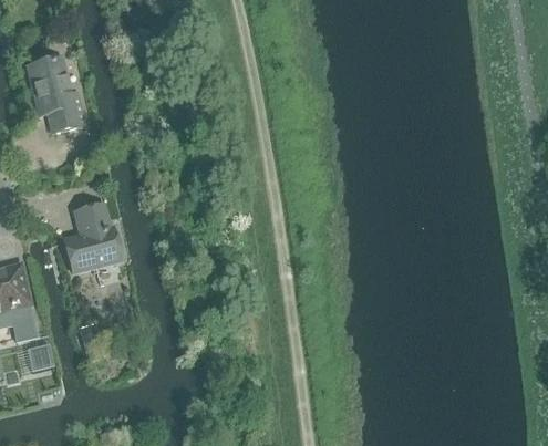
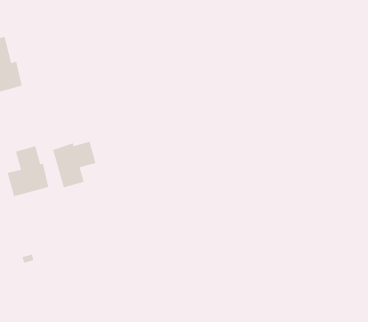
building: none -> [53,141,96,188]

